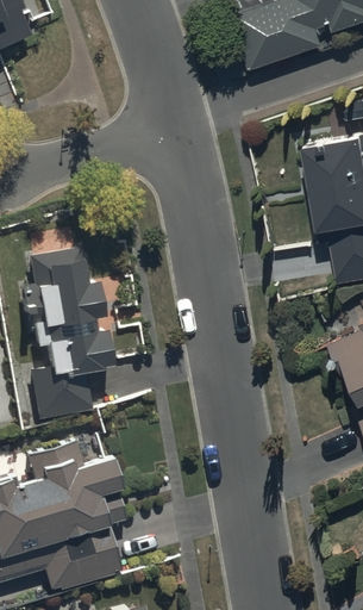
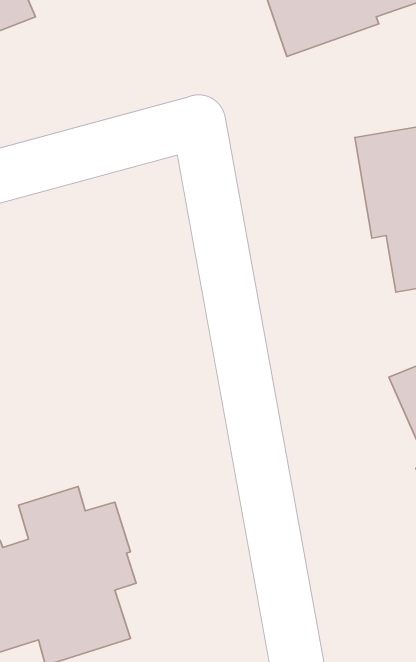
building: [20,249,111,419] -> none

